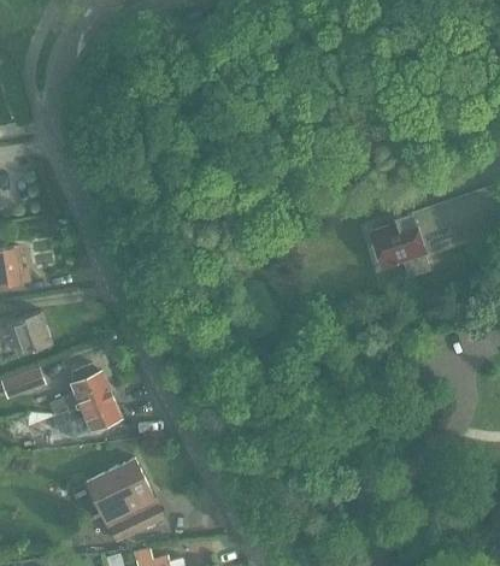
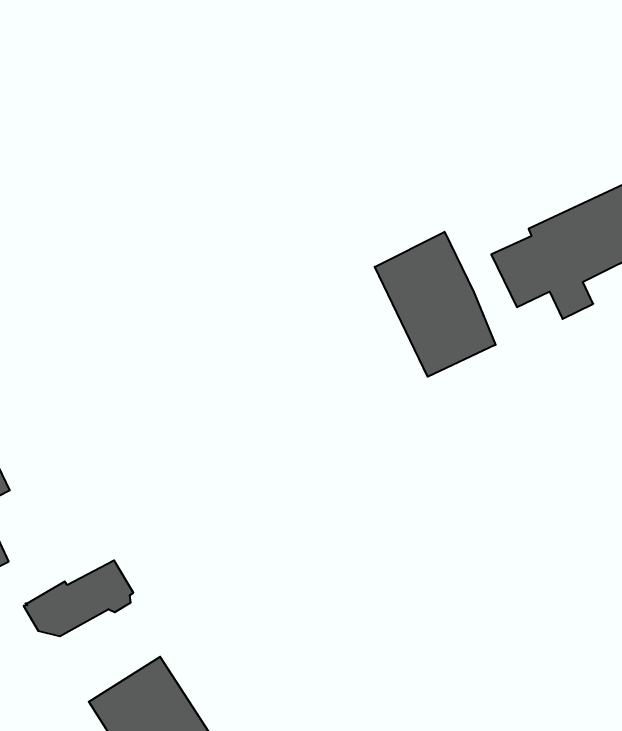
building: none -> [375,232,496,377]
building: [46,362,110,414] -> none

